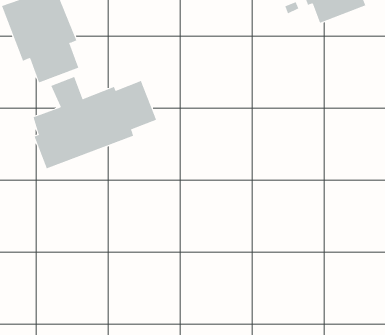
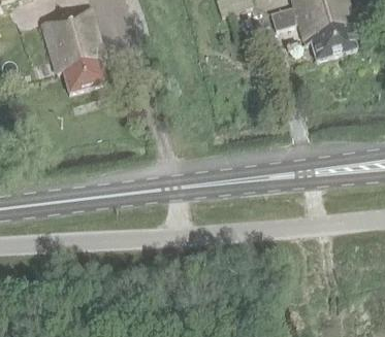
building: [33,76,157,169] -> none

